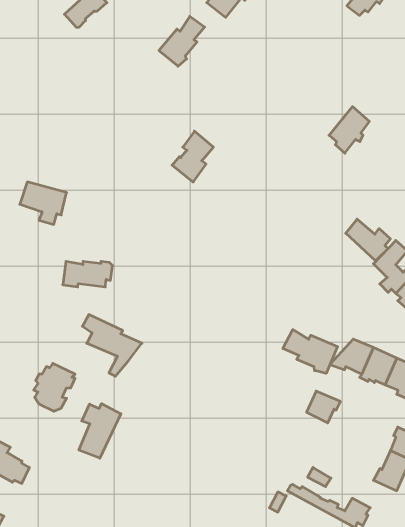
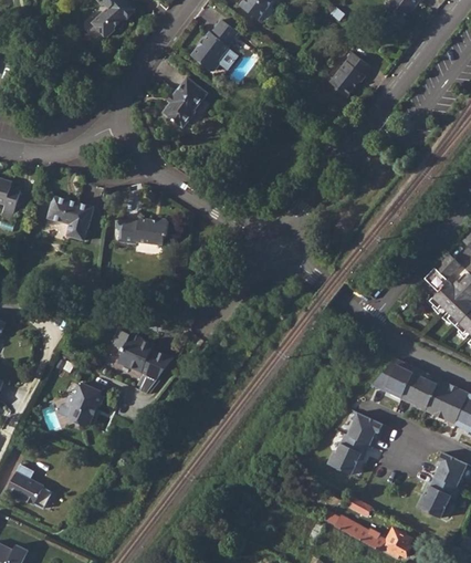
building: [329,107,369,153] -> [332,55,374,104]
building: [172,131,213,182] -> [164,80,207,133]
building: [346,219,390,261] -> none
building: [63,261,113,287] -> [122,225,174,251]
building: [283,330,338,373] -> none
building: [79,404,121,458] -> none
building: none -> [325,434,366,475]

